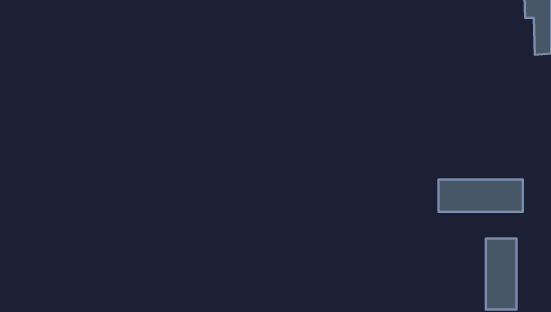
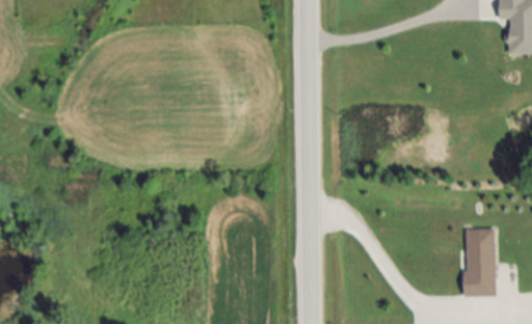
building: [438,179,523,212] -> none

